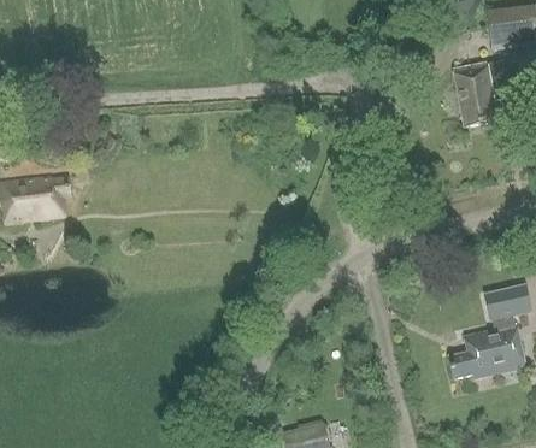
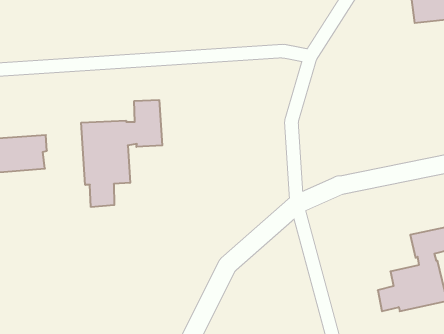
building: [452,58,513,126] -> none
building: none -> [81,100,162,207]

